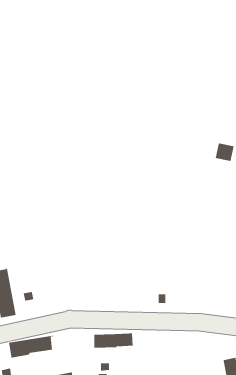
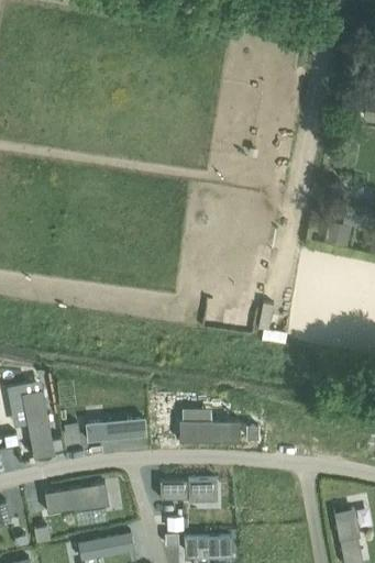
building: none -> [88,419,146,442]
building: none -> [179,421,240,442]

